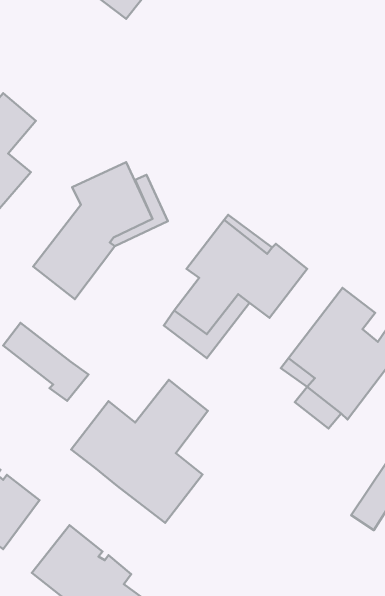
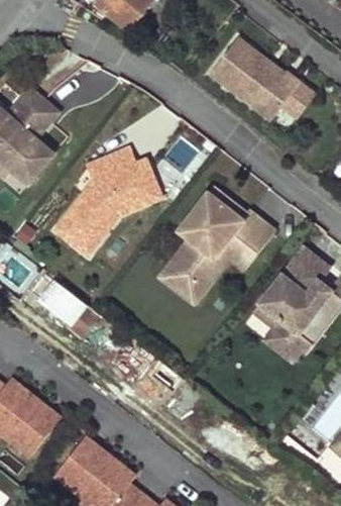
building: none -> [212,37,301,120]
building: [71,380,208,523] -> none

